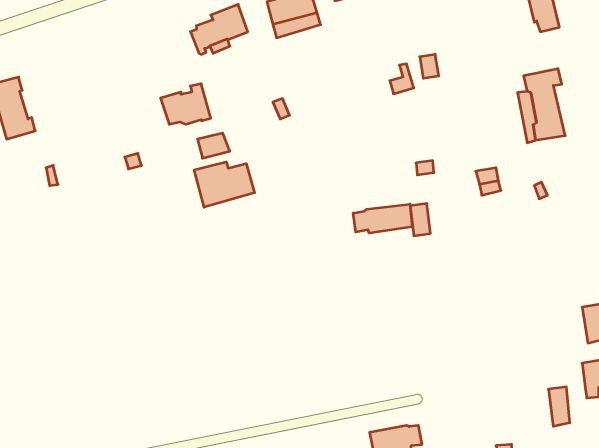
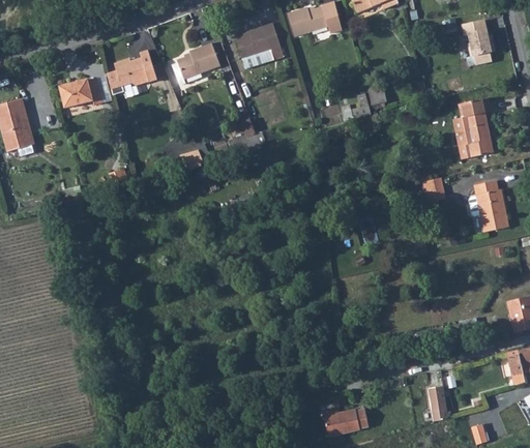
building: none -> [59,78,93,107]
building: [161,84,211,124] -> [112,50,155,85]
building: [194,162,255,207] -> none
building: none -> [476,180,511,233]
building: [353,204,412,233] -> none
building: [548,387,570,426] -> [430,381,448,415]

